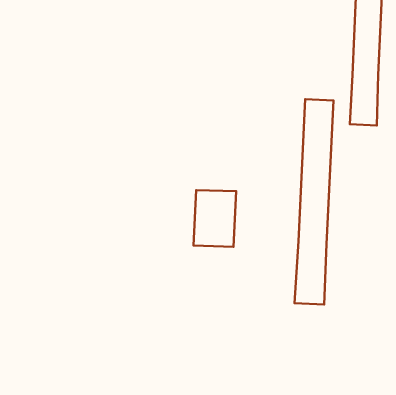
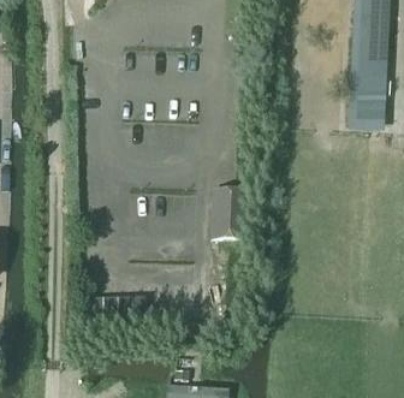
building: [294,99,334,305] -> none

